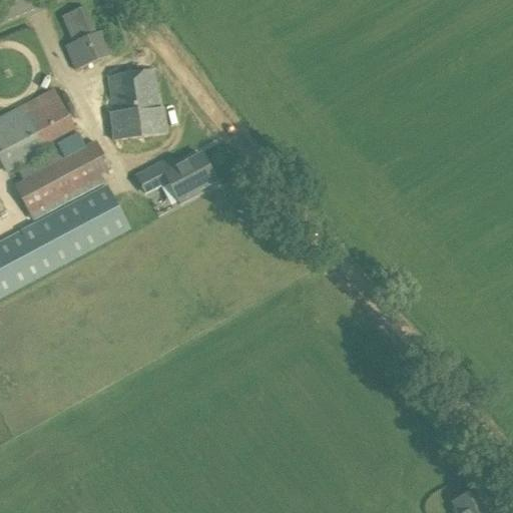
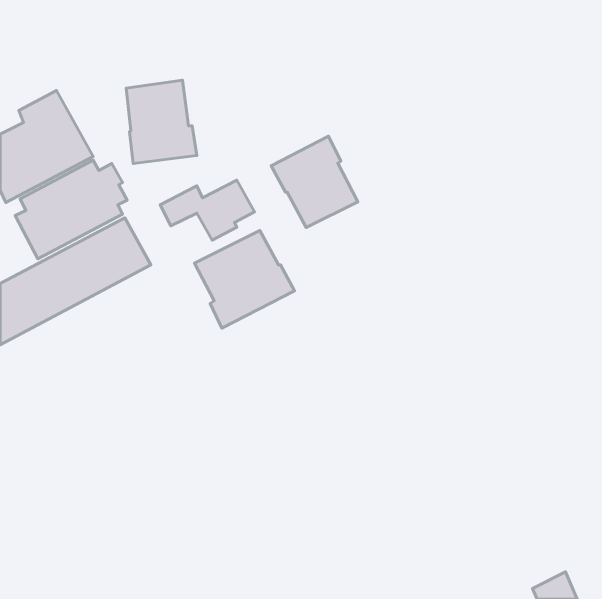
building: [61,5,112,69] -> none
building: none -> [271,136,358,227]
building: none -> [195,231,295,328]

